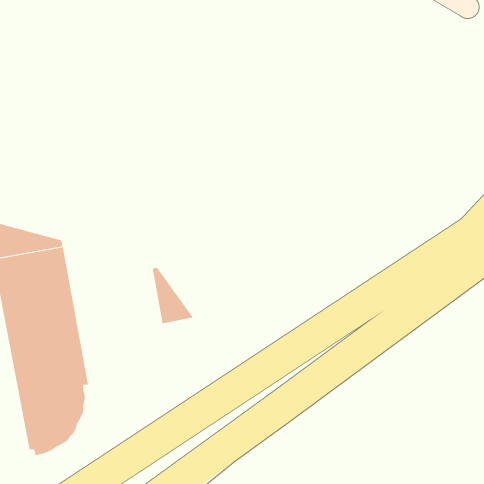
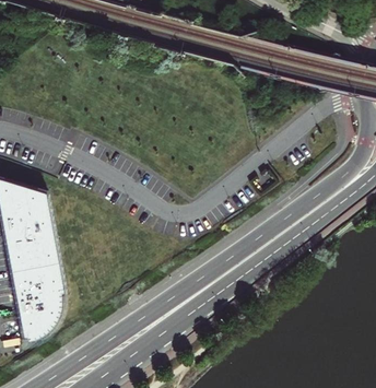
building: [152,267,194,324] -> none

